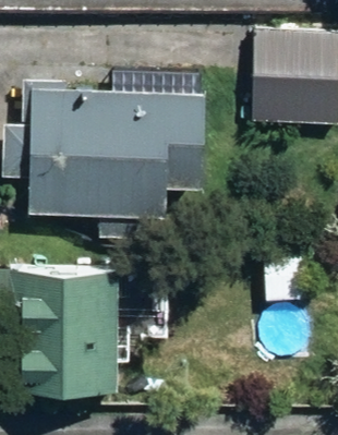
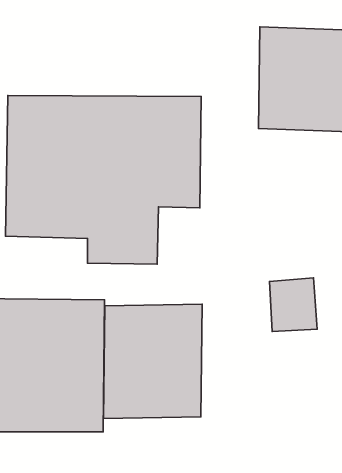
building: none -> [103,304,202,419]

